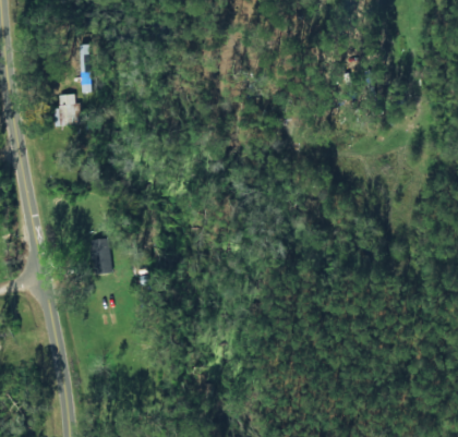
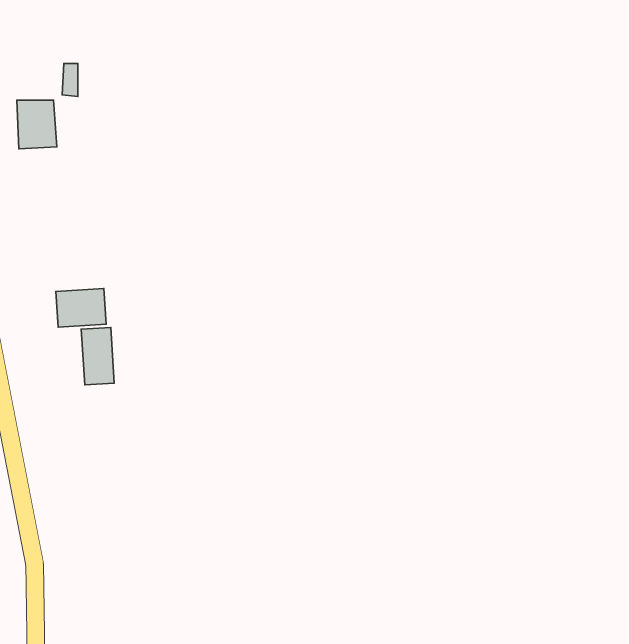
building: none -> [56,289,106,327]

